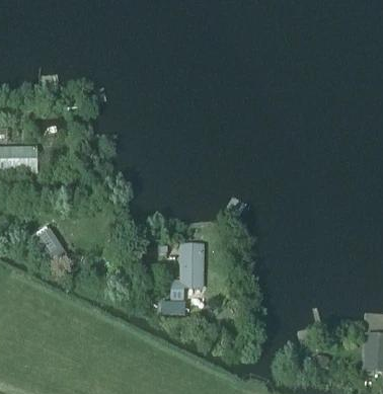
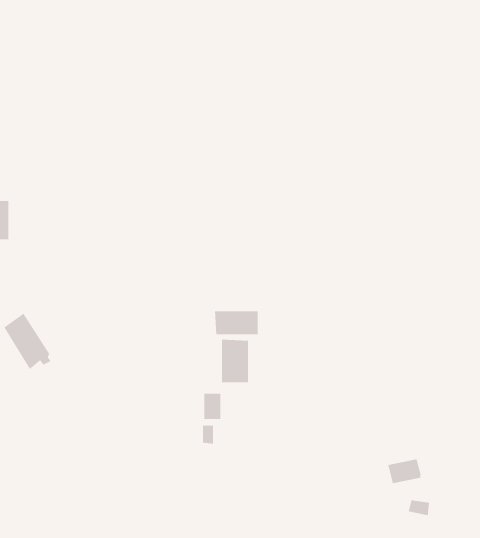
building: none -> [214,311,258,335]

